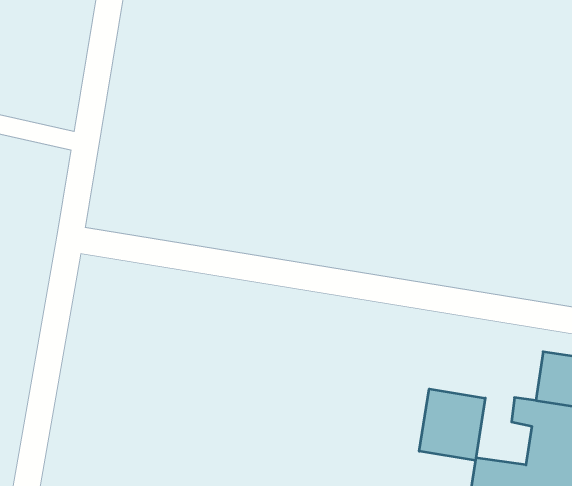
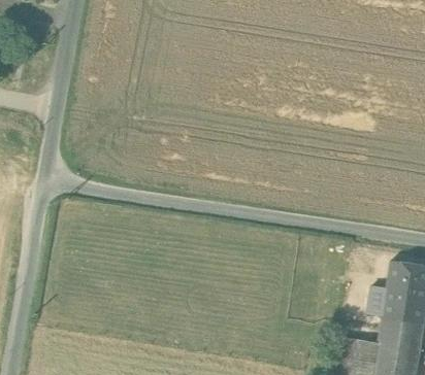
building: [419,389,485,461] -> none

